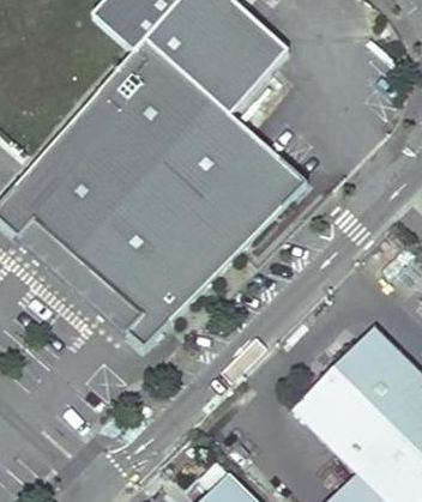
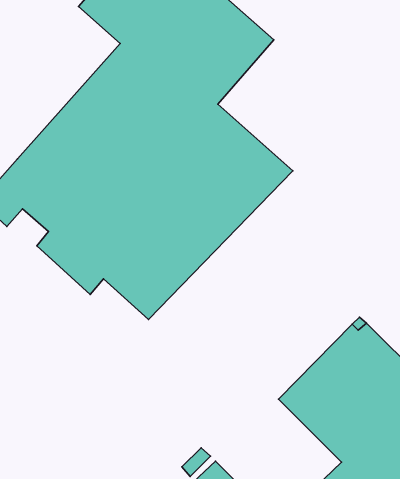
building: [19,218,162,346] -> none

